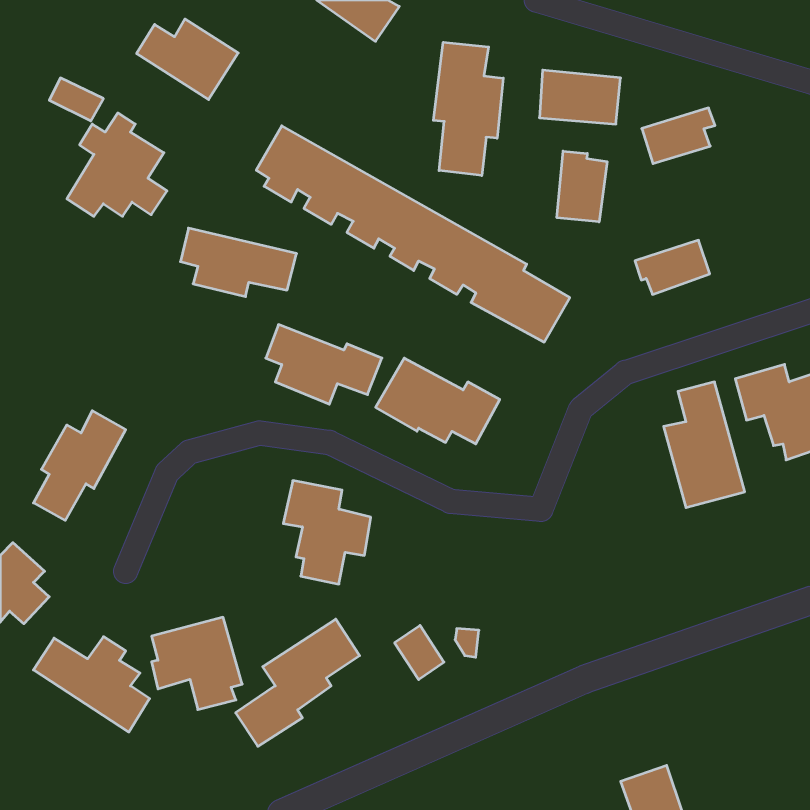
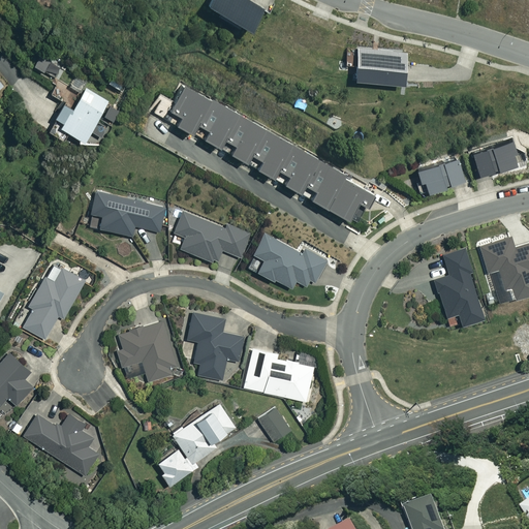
building: [137,19,238,100] -> none
building: [433,42,503,176] -> none
building: [642,108,715,164] -> [470,141,518,177]
building: [557,151,607,222] -> none
building: [180,228,297,297] -> [90,192,165,237]
building: none -> [244,349,314,402]
building: [152,617,242,710] -> [118,322,177,382]

